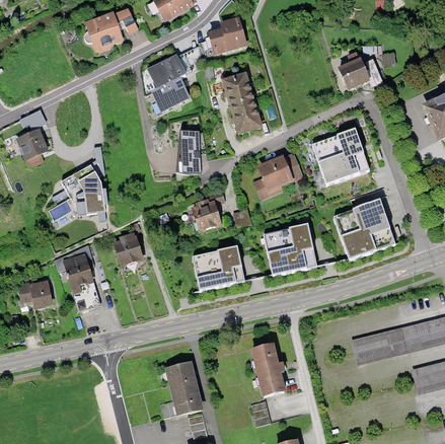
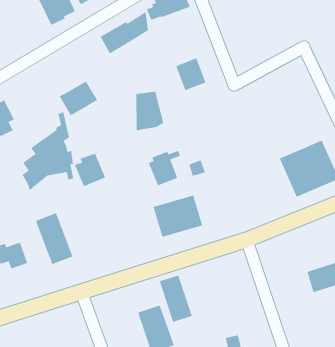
building: [339,58,385,91] -> none
building: [219,72,251,105] -> none
building: [151,75,194,113] -> [58,80,98,116]
building: [313,129,372,188] -> none
building: [252,153,301,201] -> none
building: [258,223,314,276] -> none
building: [109,231,143,268] -> [74,152,106,187]
building: [250,346,284,397] -> [159,274,193,323]

